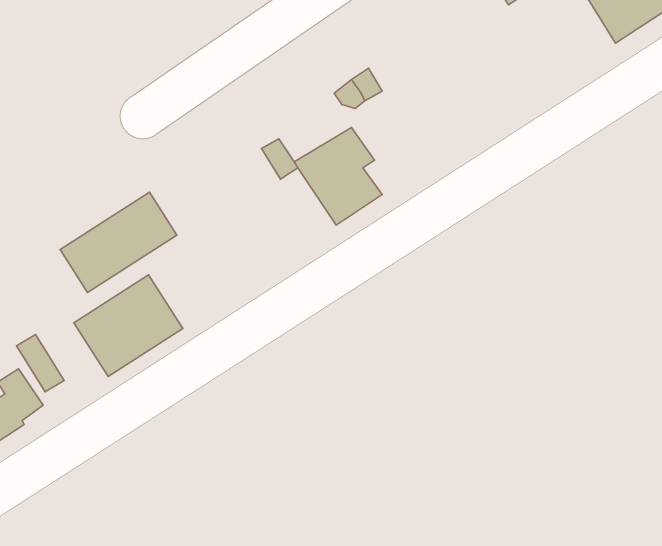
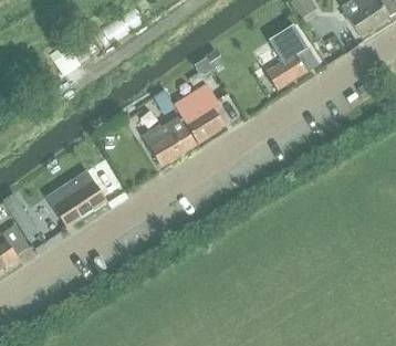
building: none -> [268,25,317,88]
building: none -> [142,117,196,166]
building: [60,192,177,293] -> none

